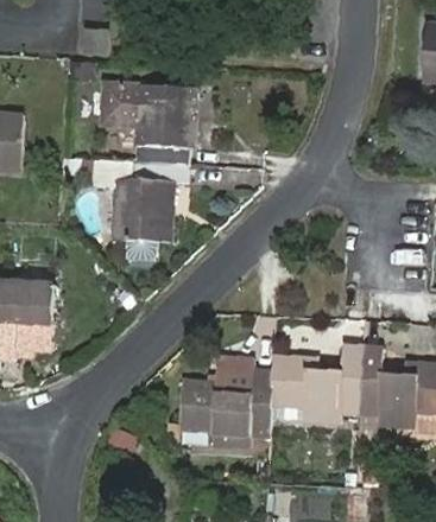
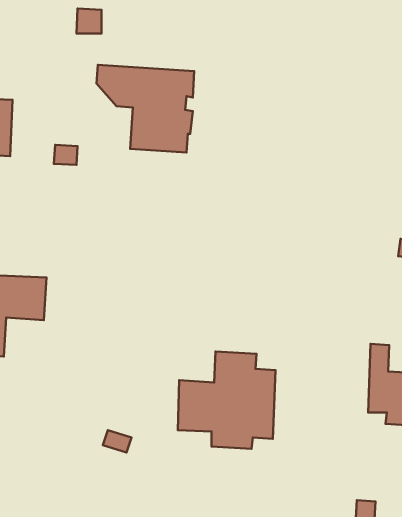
building: [94,158,187,240] -> none
building: [270,344,361,420] -> none

